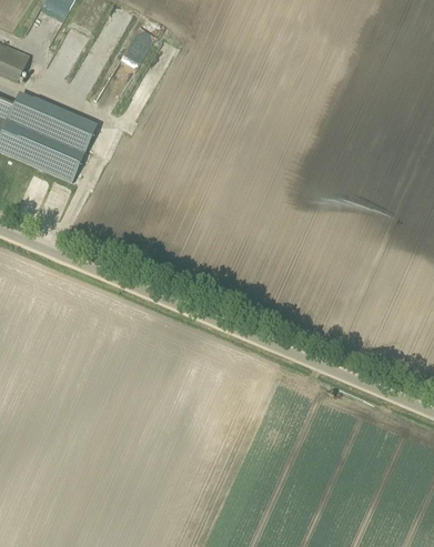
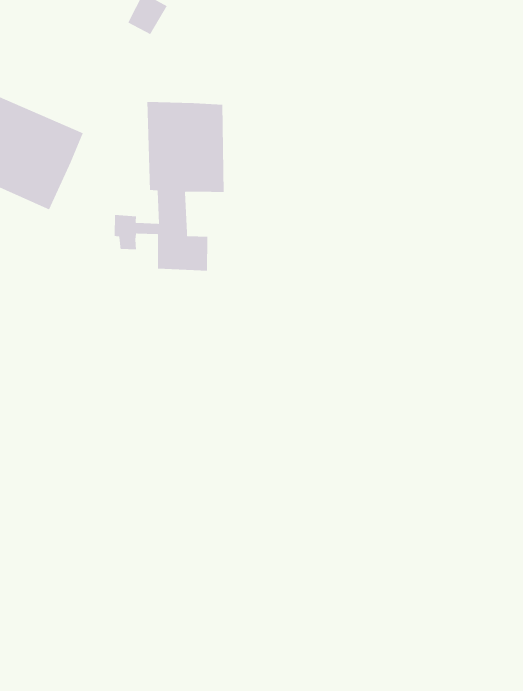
building: none -> [114,101,225,272]

